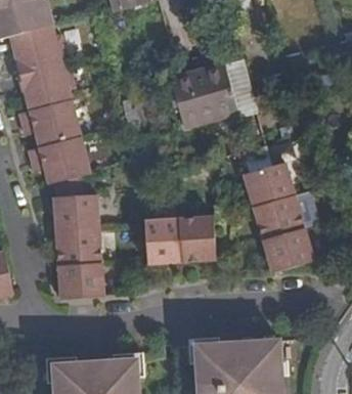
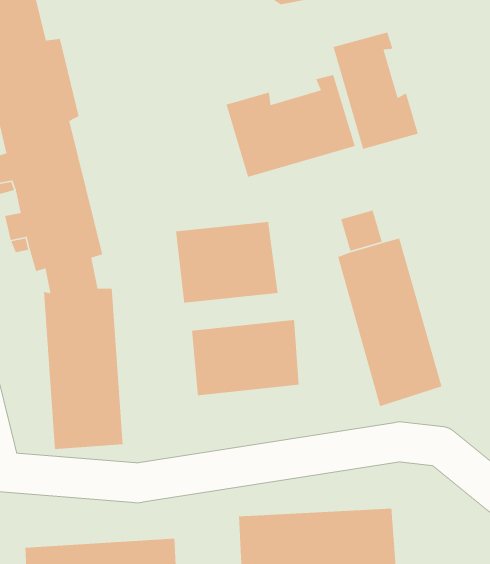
building: none -> [333,31,419,150]
building: none -> [175,221,279,304]

